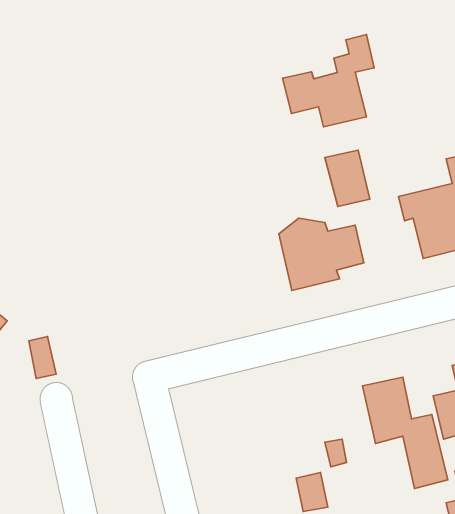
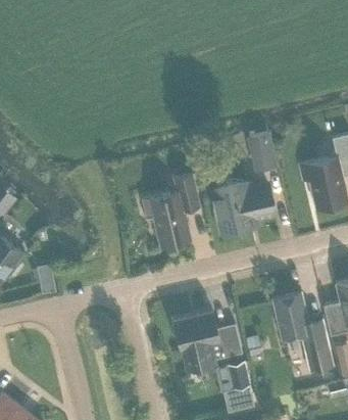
building: [283,35,374,127] -> none
building: none -> [142,175,198,246]
building: none -> [172,314,242,372]

